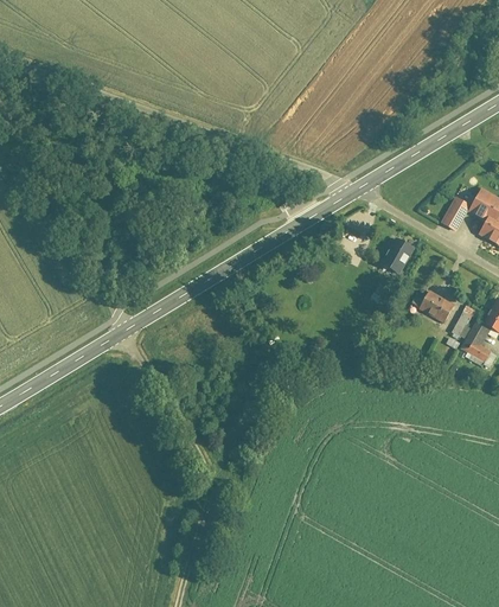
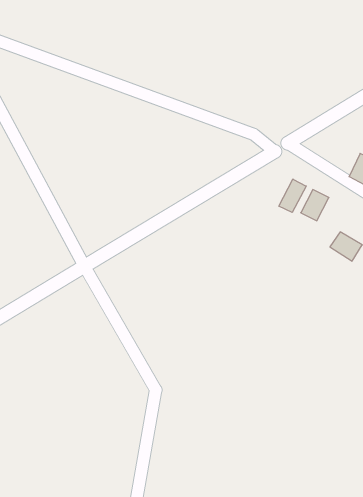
building: none -> [279,179,306,212]

